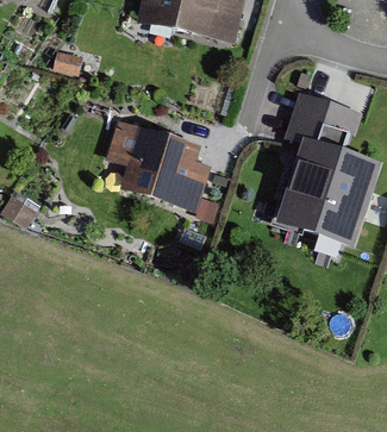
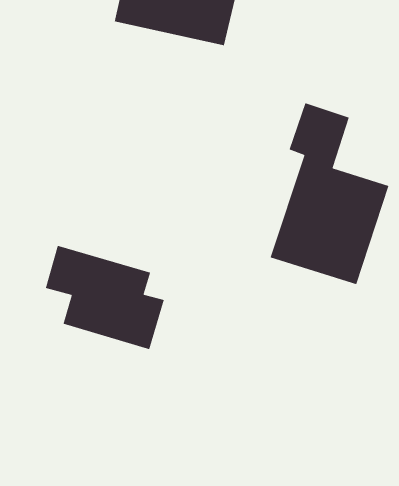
building: [106,119,211,211] -> [45,245,165,350]

